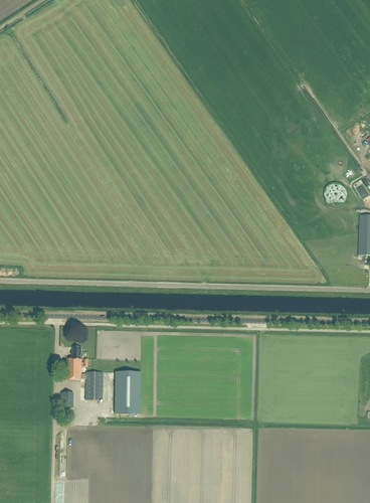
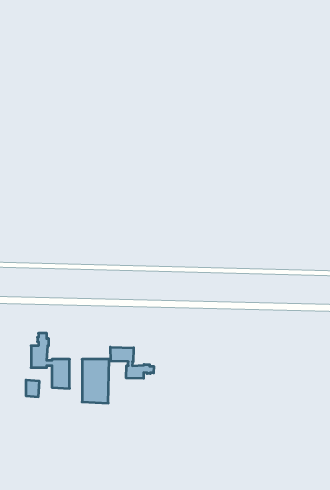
building: none -> [110,347,154,378]

